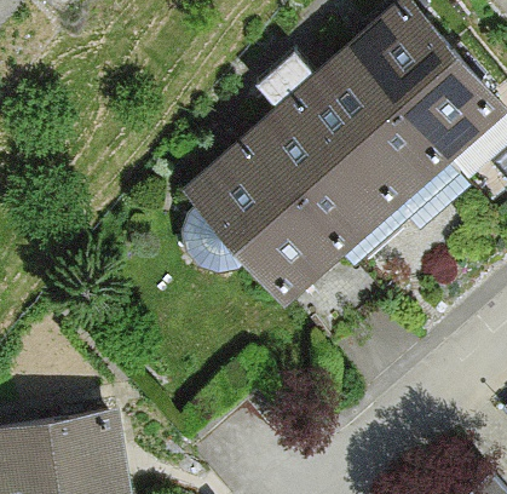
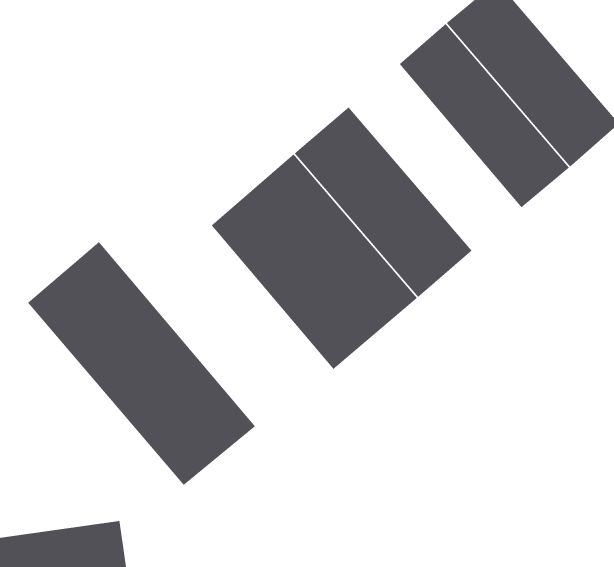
building: [296,61,430,205] -> none
building: none -> [27,241,256,486]

